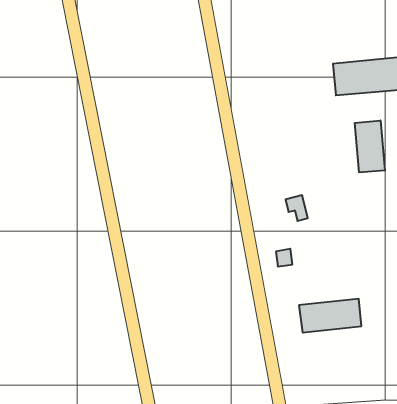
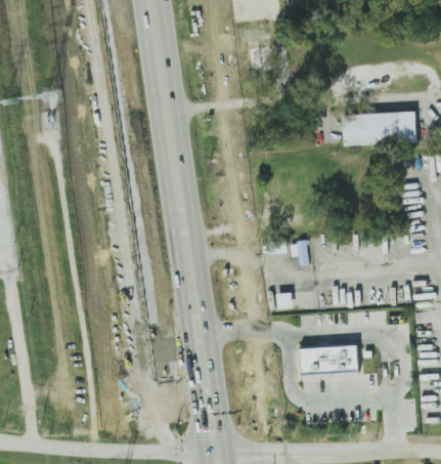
building: [355,120,385,172] -> none

